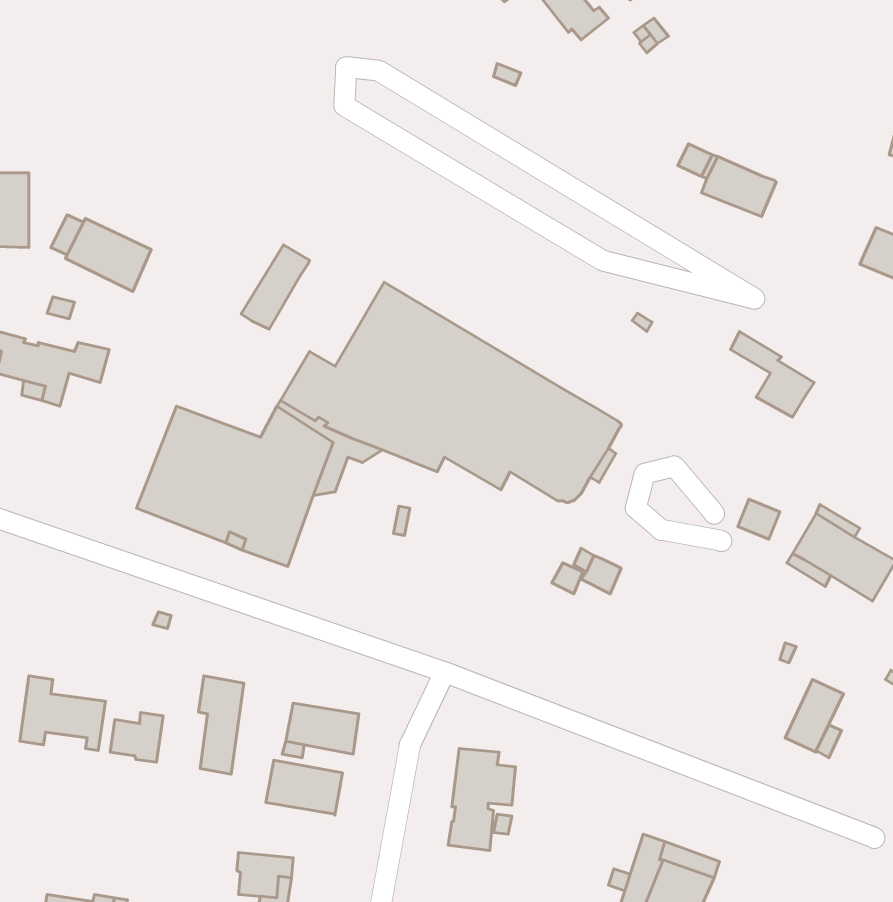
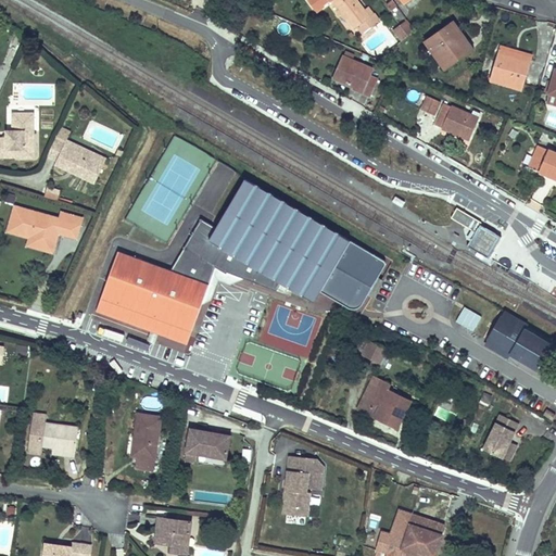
building: none -> [425,21,472,70]
building: none -> [489,47,531,90]
building: none -> [333,52,376,96]
building: [241,245,309,329] -> none
building: none -> [356,376,410,429]
building: [110,712,163,762] -> none
building: [266,760,343,815] -> none

